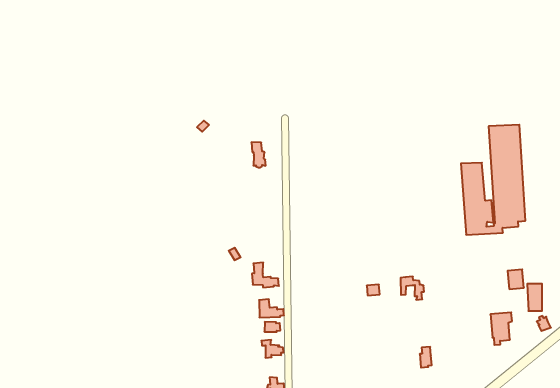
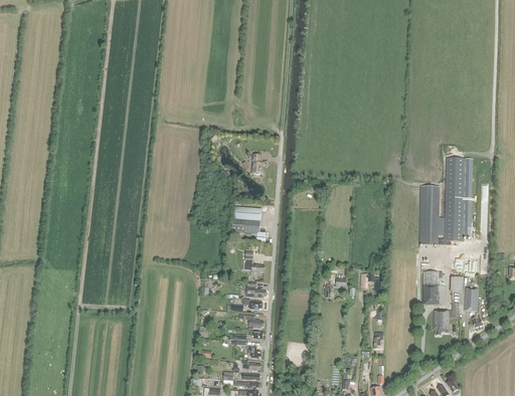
building: none -> [231,205,265,236]
building: none -> [422,270,444,304]

